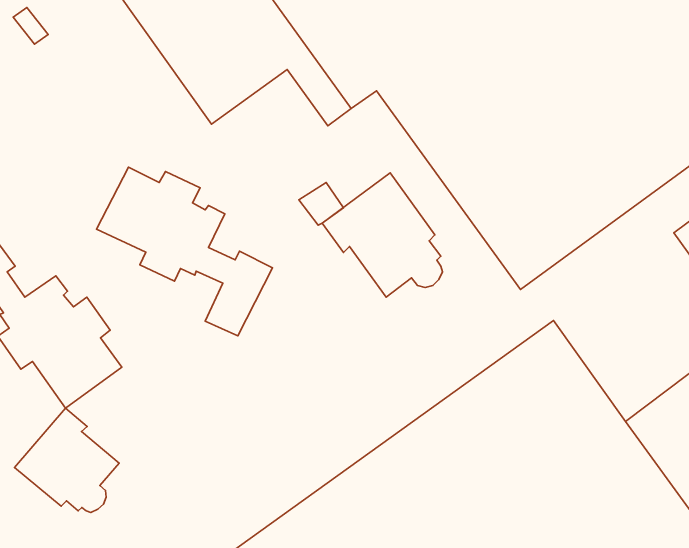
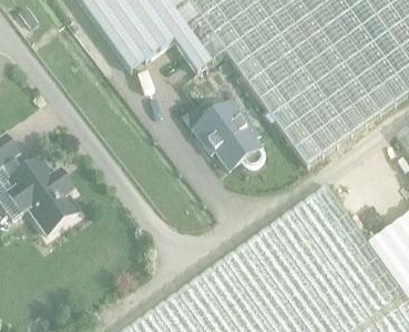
building: [97,167,273,336] -> none
building: [15,408,119,513] -> none

